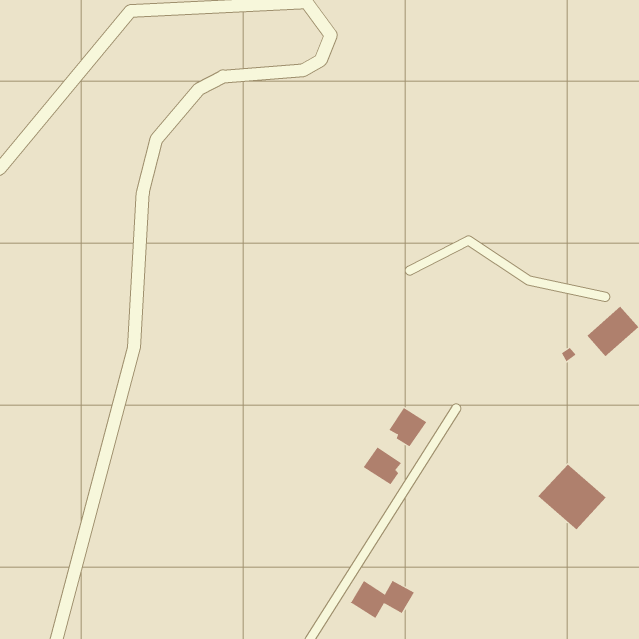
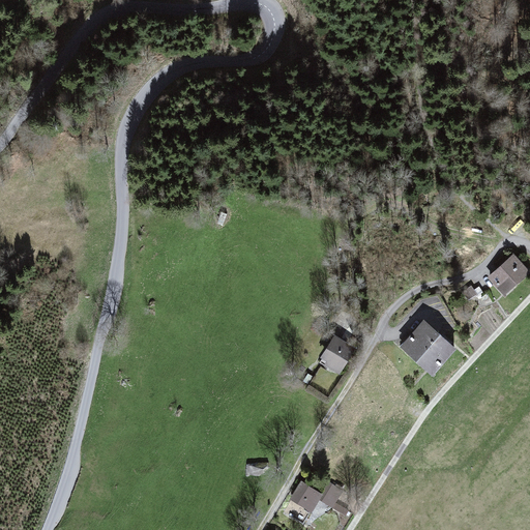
building: [363,447,402,485] -> none
building: [538,464,607,530] -> [399,320,455,375]

